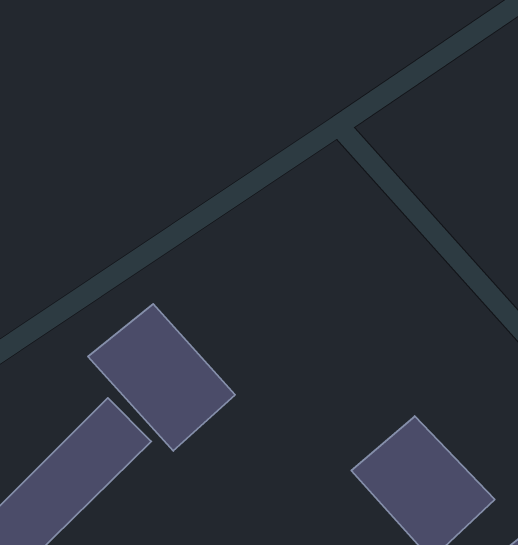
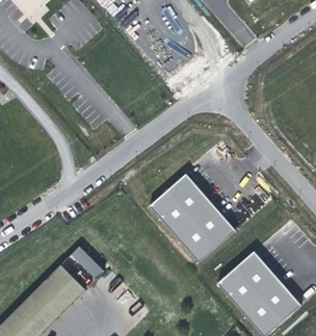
building: [88,304,235,451] -> [150,178,234,262]

